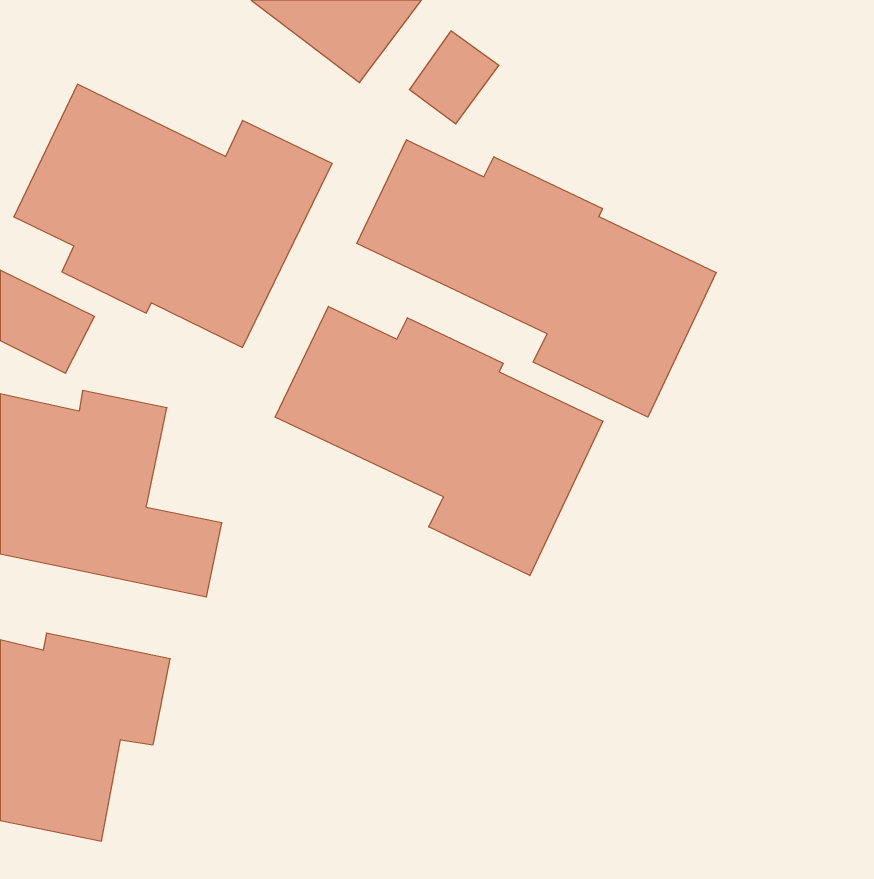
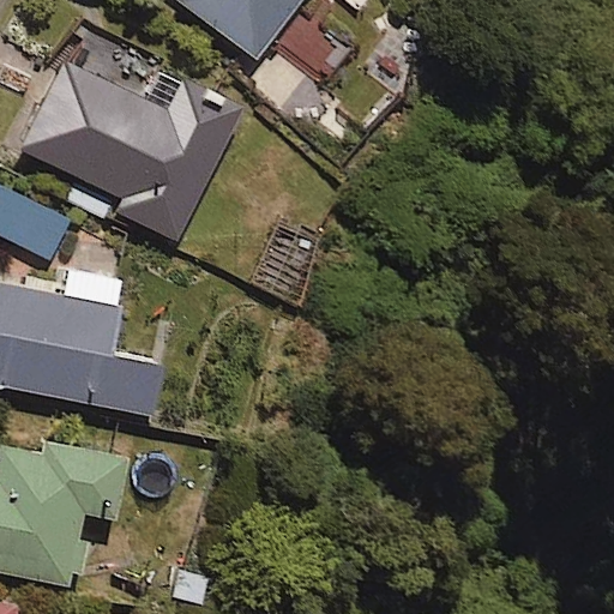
building: [357,140,716,417] -> none
building: [275,306,603,576] -> none

